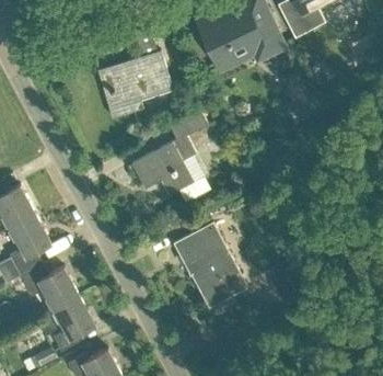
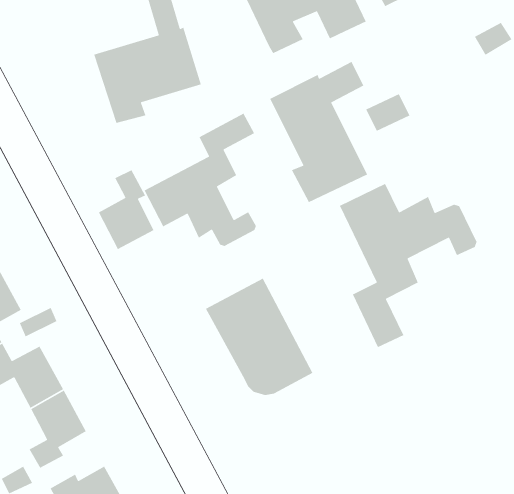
building: none -> [269,61,368,203]
building: none -> [98,169,154,250]
building: none -> [339,183,477,348]

